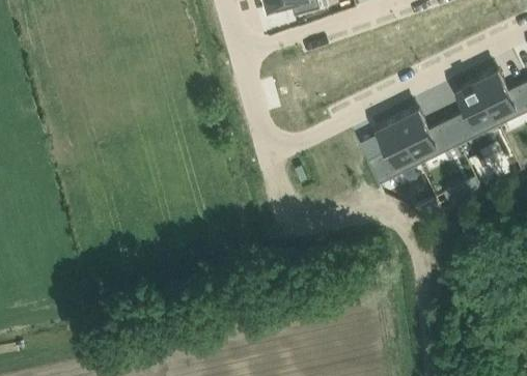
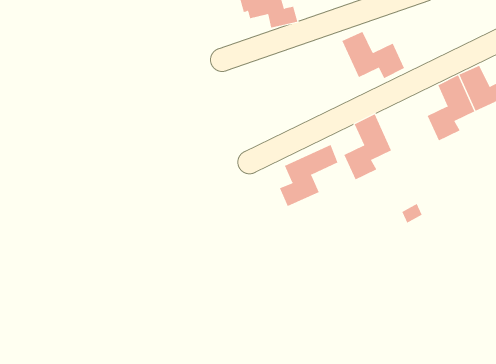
building: [398,108,461,154] -> [342,31,405,79]
building: none -> [279,144,338,207]

